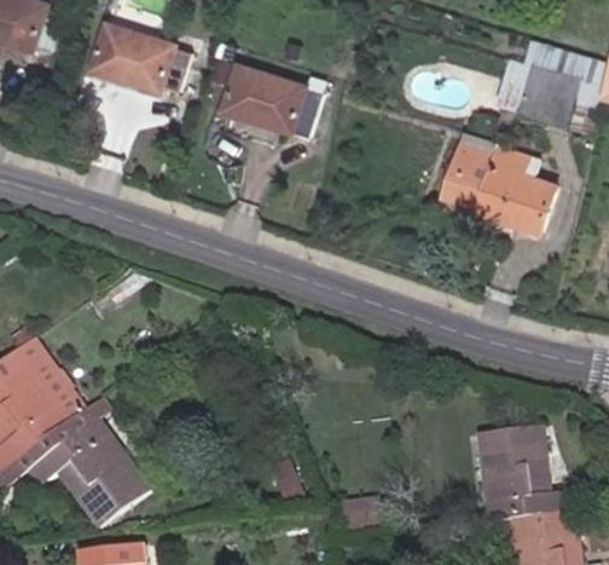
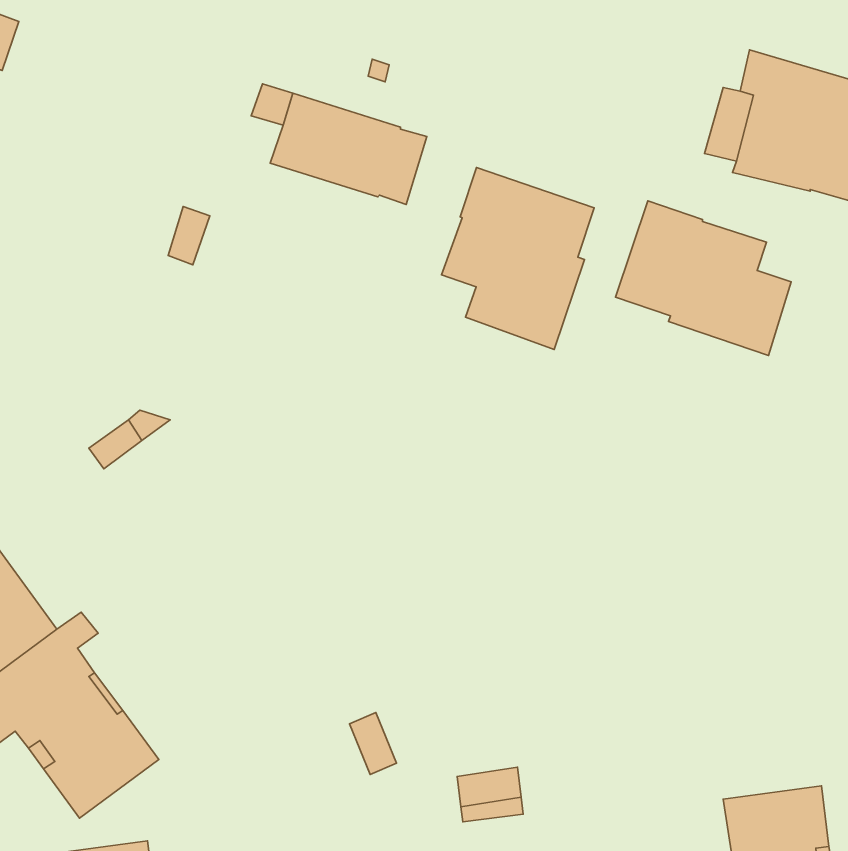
building: [89,23,191,93] -> none
building: none -> [441,167,594,349]
building: [476,425,573,521] -> none

